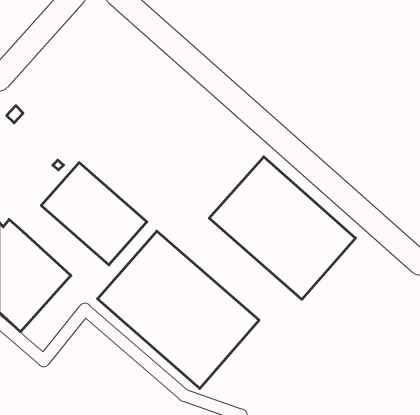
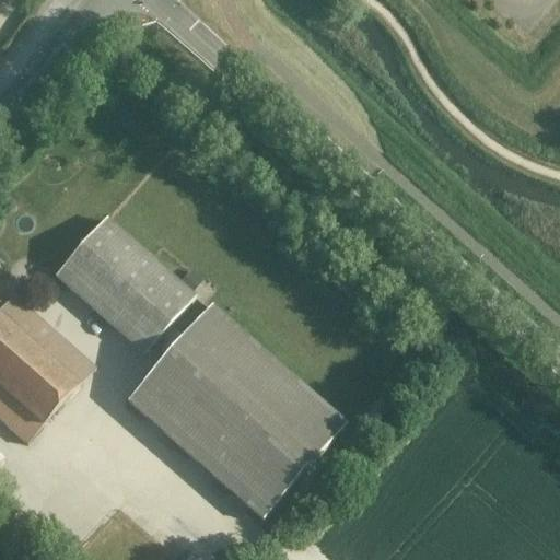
building: [209,157,356,299] -> none

